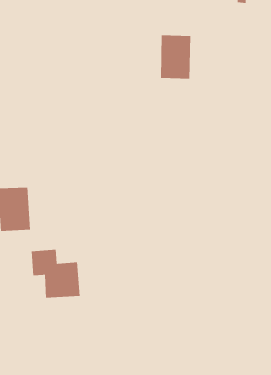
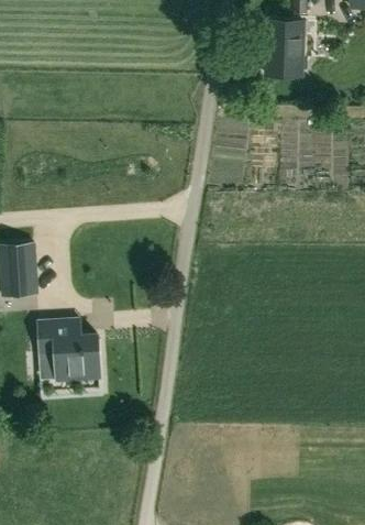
building: [160,35,191,79] -> [264,21,302,76]

